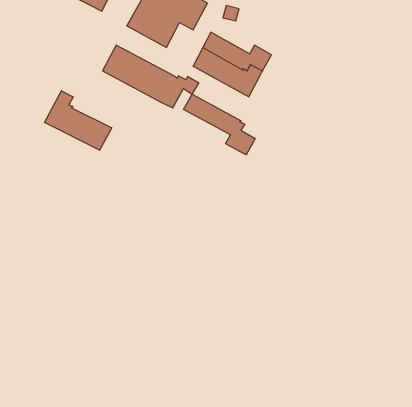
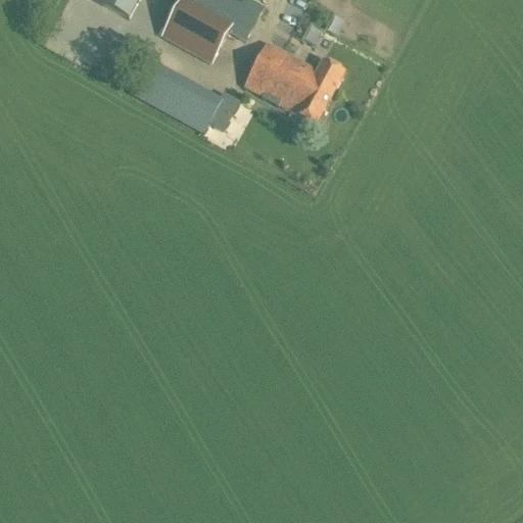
building: [45,91,112,150] -> none
building: [183,94,255,155] -> none

